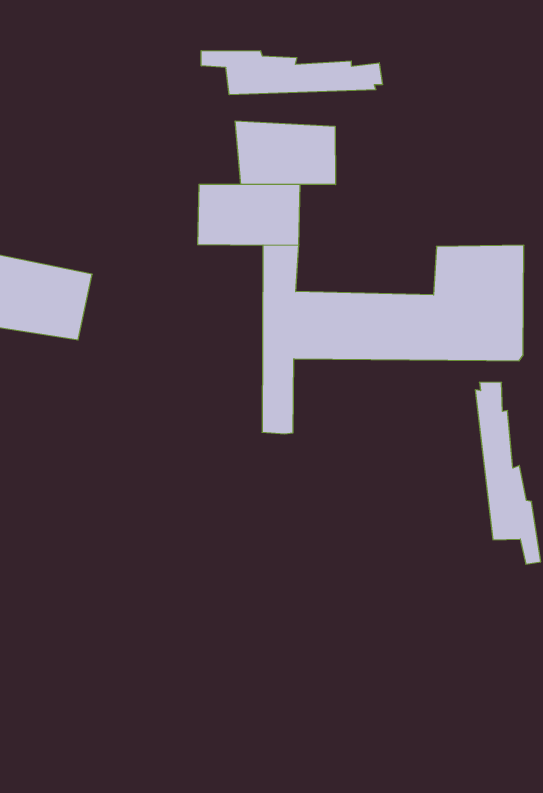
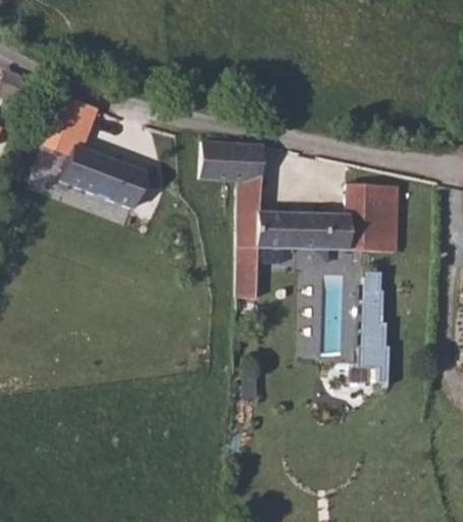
building: [201,51,382,95] -> none
building: [235,121,336,185] -> none

